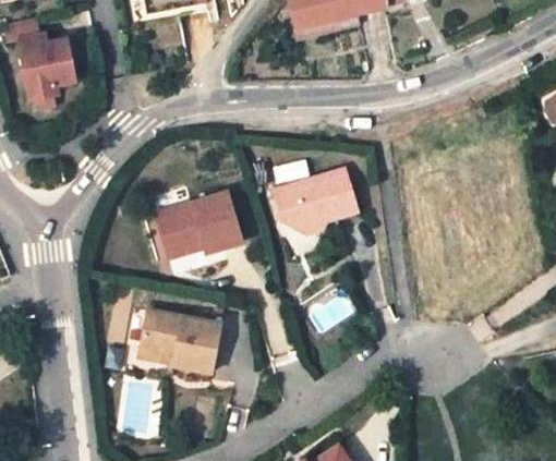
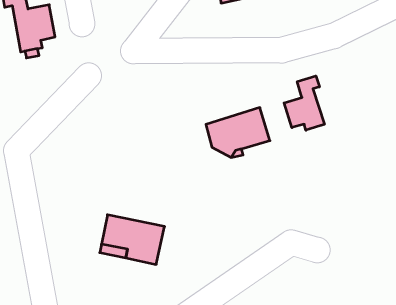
building: none -> [284,76,324,130]
building: [154,194,241,259] -> none

